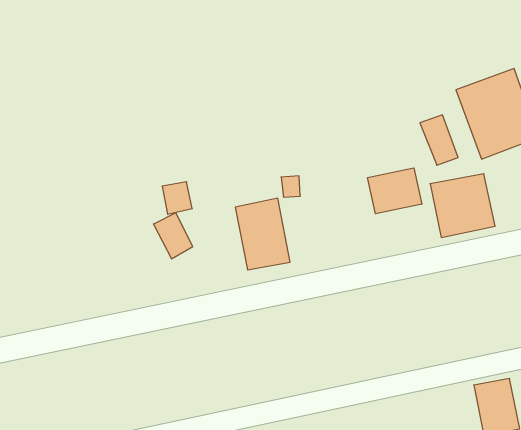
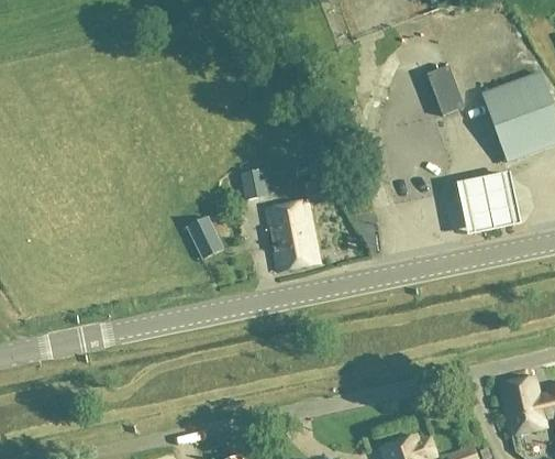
building: [420,115,458,165] -> [426,65,464,114]
building: [368,168,422,214] -> none
building: [162,182,192,214] -> [240,167,269,199]

